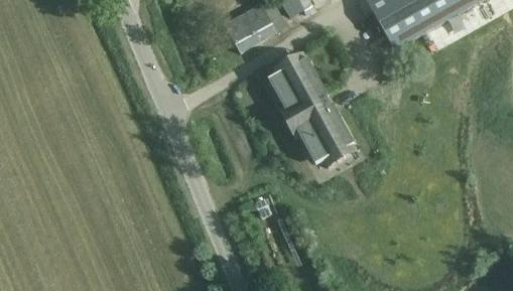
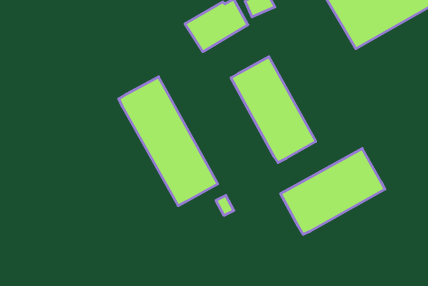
building: none -> [119,77,218,206]
building: none -> [281,148,385,234]

